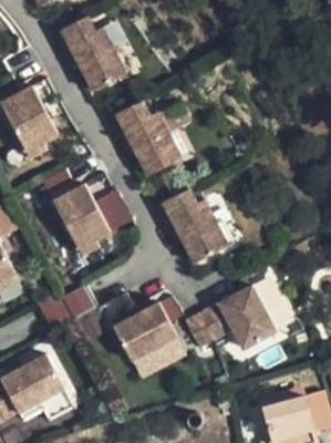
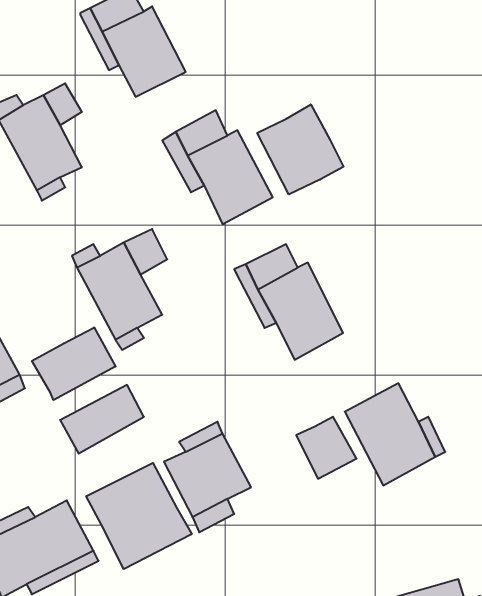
building: none -> [257,104,344,194]
building: none -> [32,327,116,400]
building: [170,312,213,356] -> none
building: none -> [86,463,192,569]

